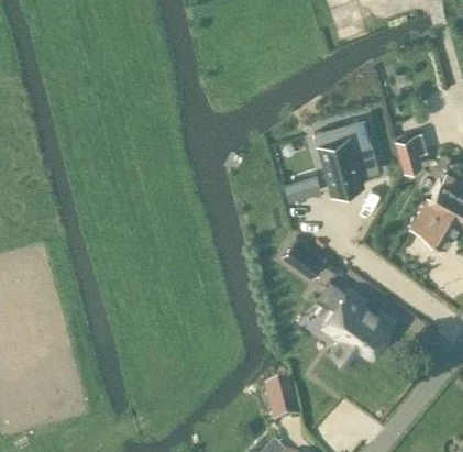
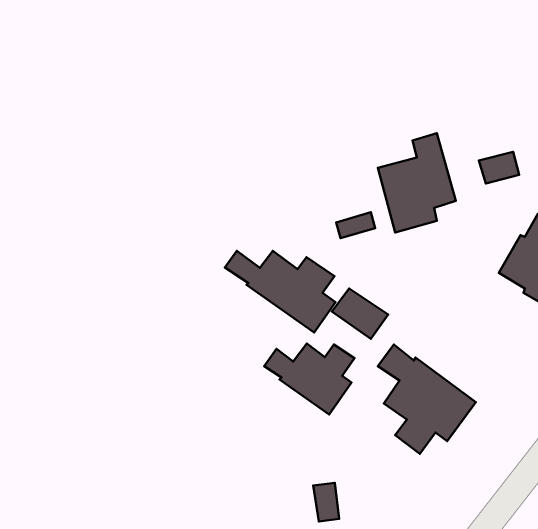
building: none -> [225,251,335,332]
building: none -> [264,344,354,414]

